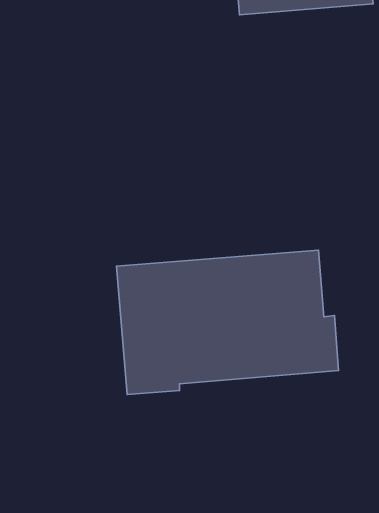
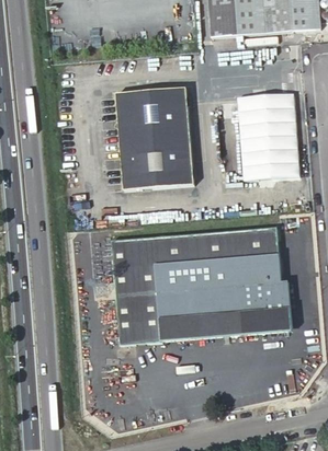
building: none -> [115,88,194,190]
building: none -> [239,91,298,177]

